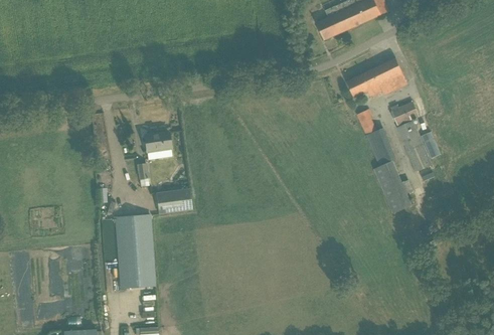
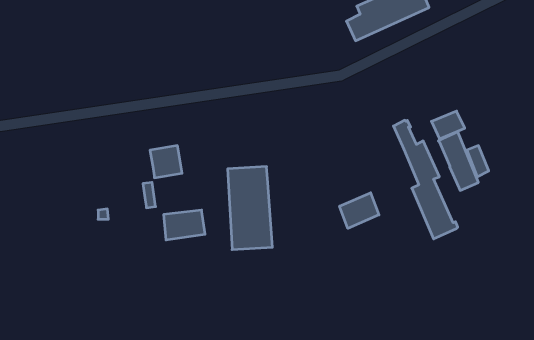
building: [346,57,406,98] -> none
building: none -> [340,193,379,228]
building: [115,214,154,287] -> [228,167,272,250]

